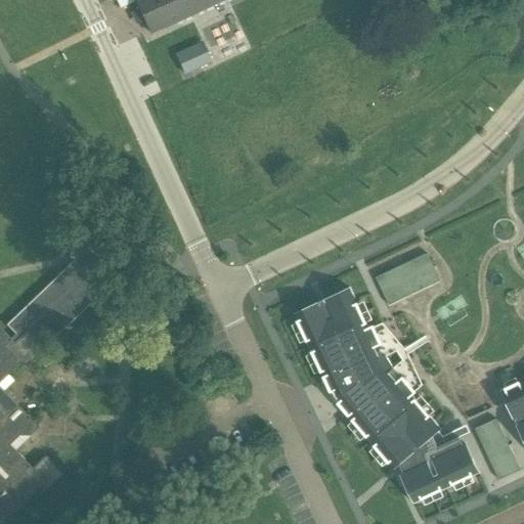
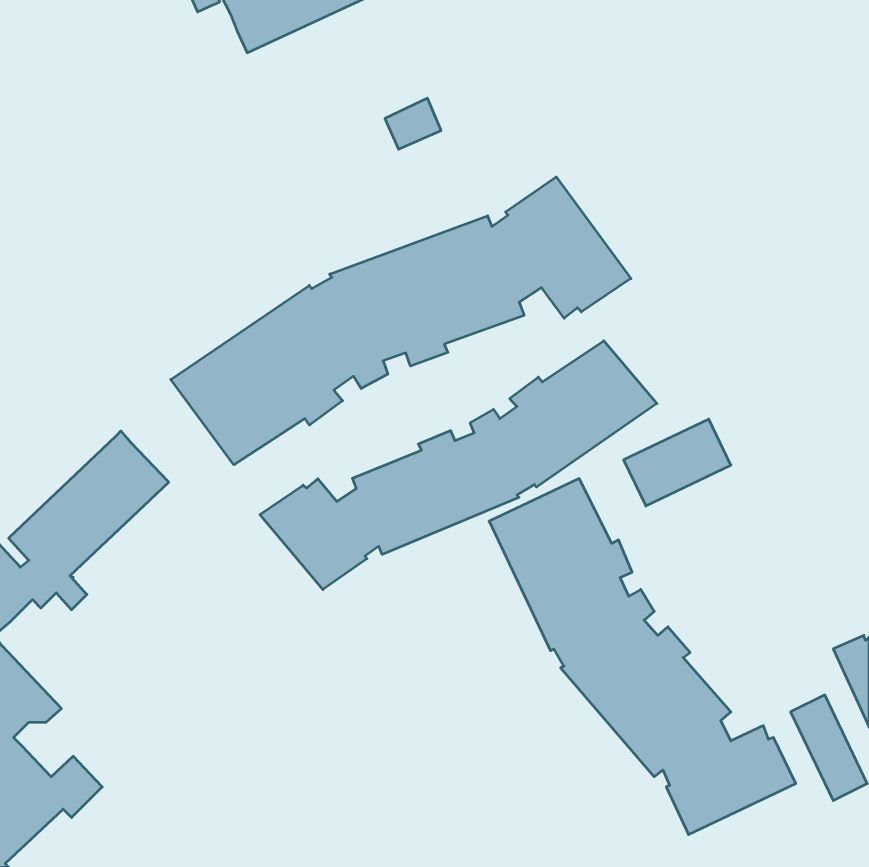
building: [175,41,209,72] -> [385,98,441,149]
building: none -> [171,177,631,465]
building: none -> [260,341,657,590]

